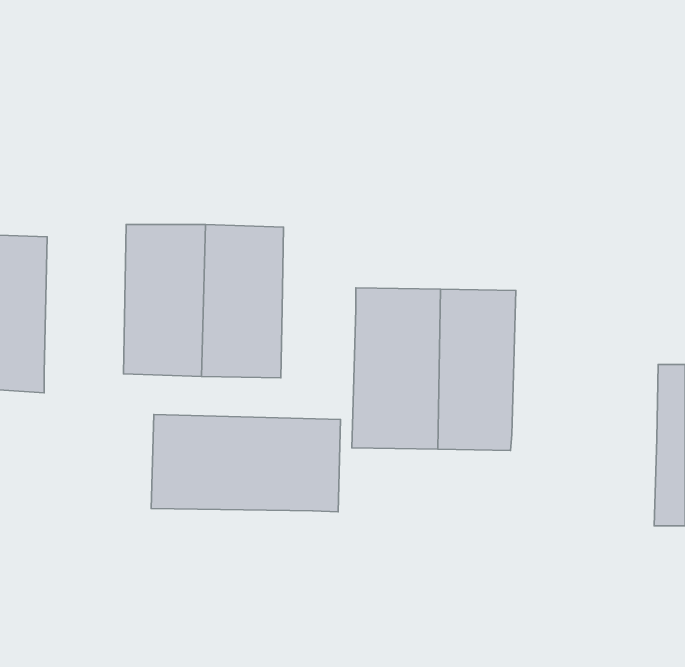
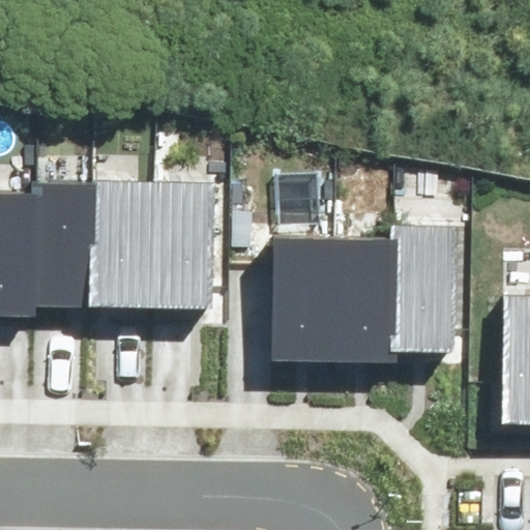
building: none -> [34,186,97,303]
building: none -> [394,231,457,351]
building: [151,415,341,512] -> none

